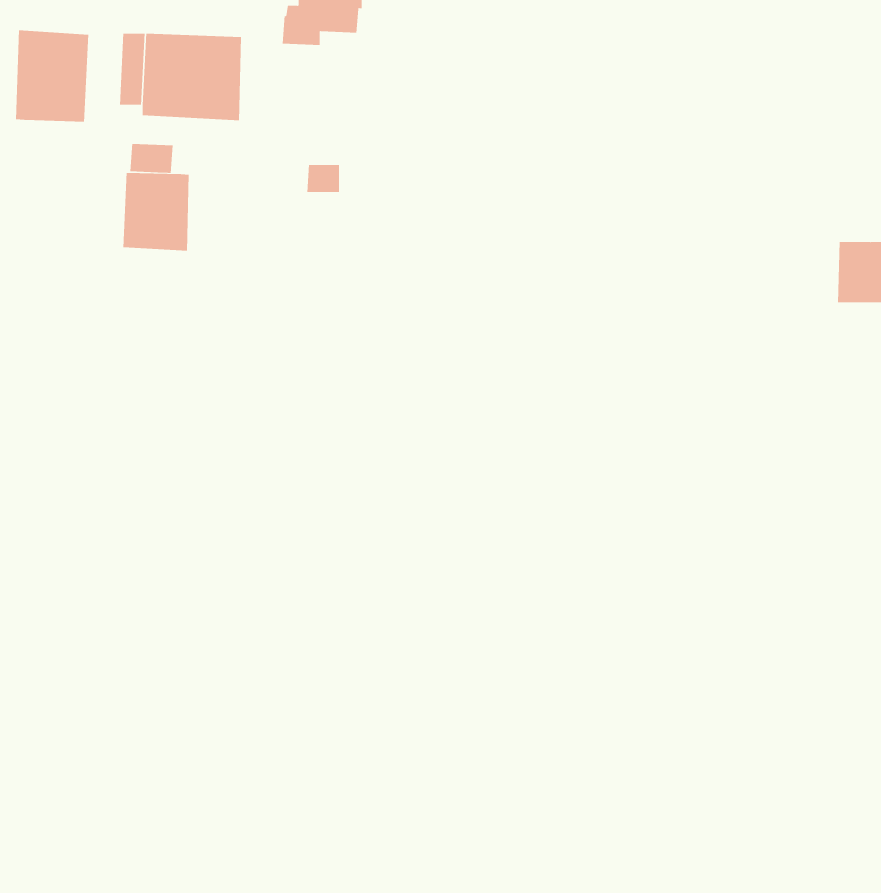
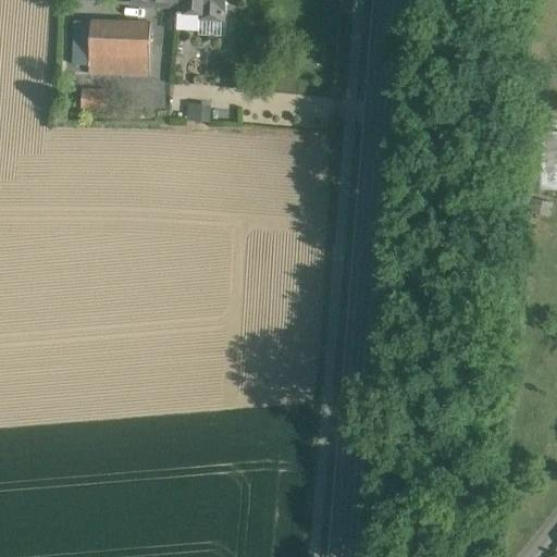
building: [15,29,89,123] -> none
building: [123,172,189,251] -> none

